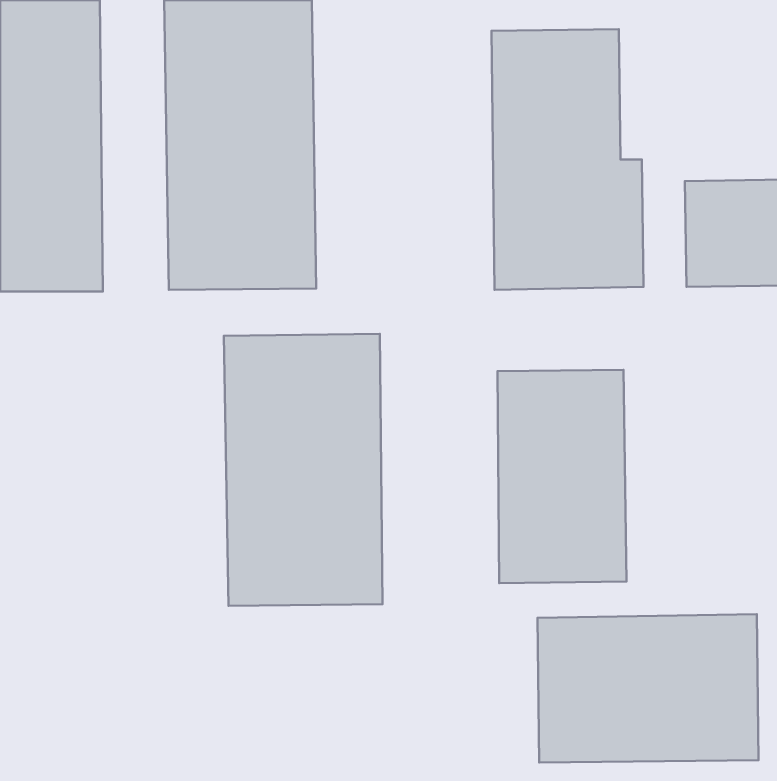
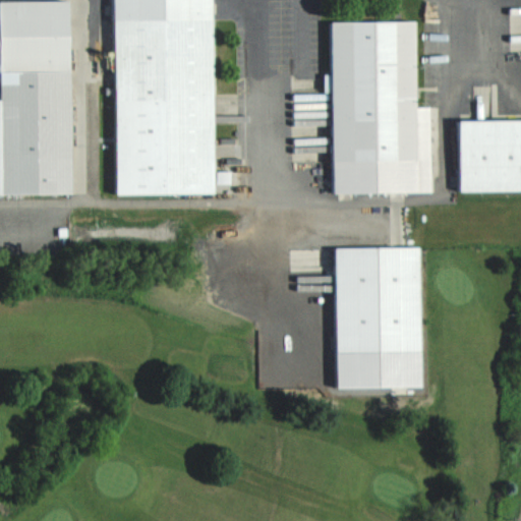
building: [224,334,382,606] -> none
building: [538,614,759,762] -> none

